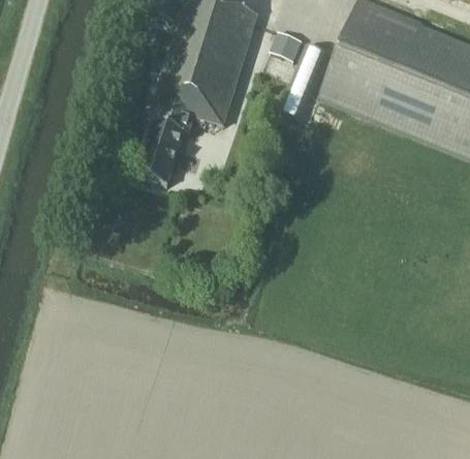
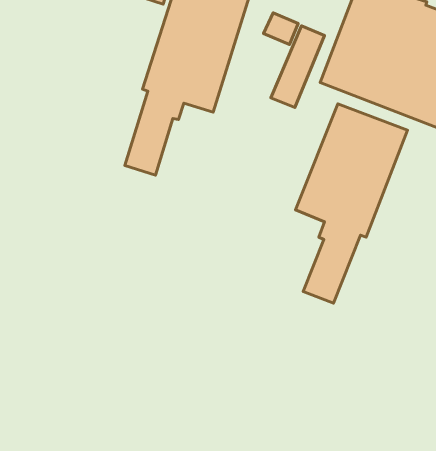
building: none -> [296,104,407,303]

